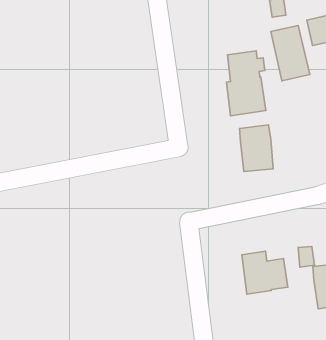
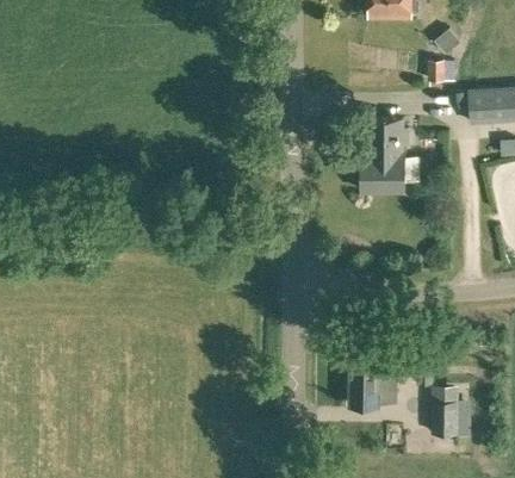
building: [271,25,310,81] -> none
building: [239,125,273,172] -> none

